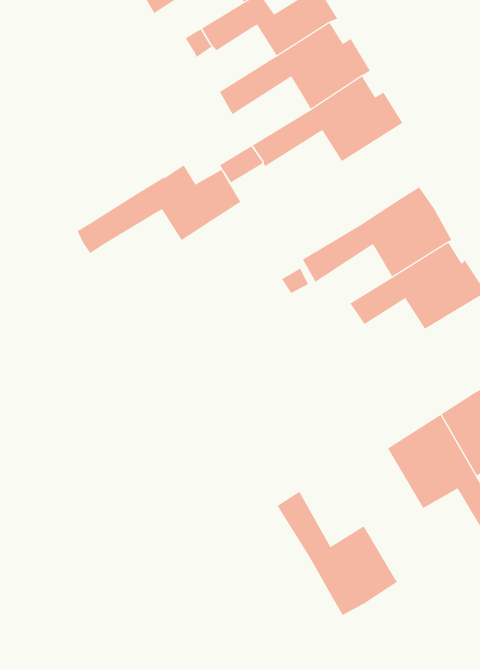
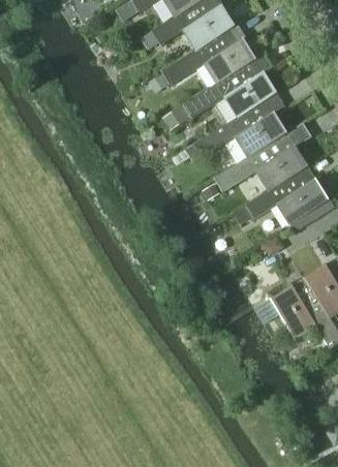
building: [77,164,241,254] -> [185,107,289,164]
building: [277,491,398,616] -> none

